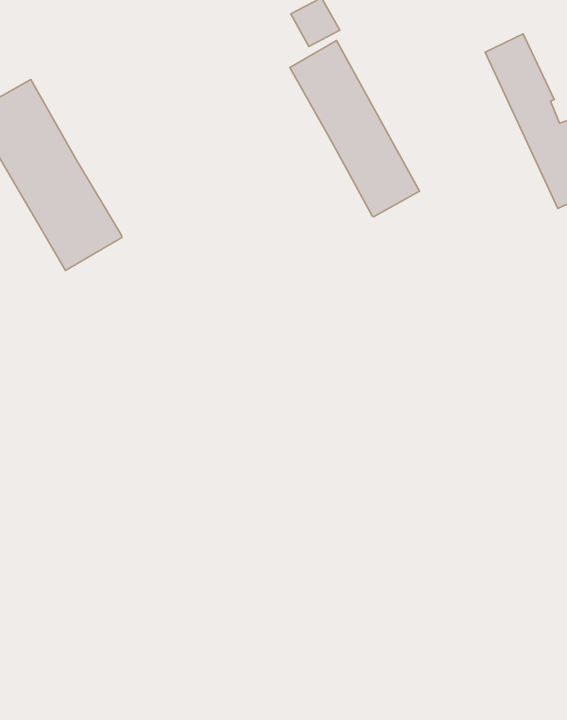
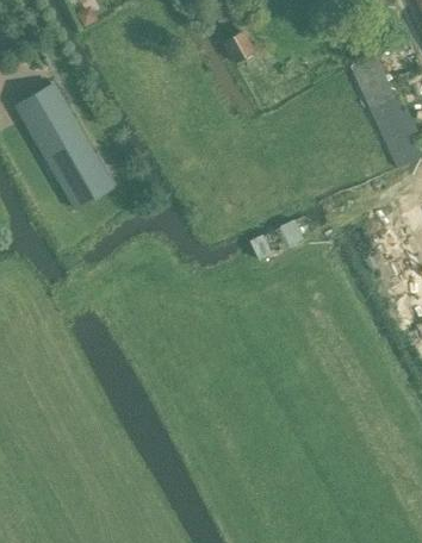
building: [290,41,419,217] -> none

